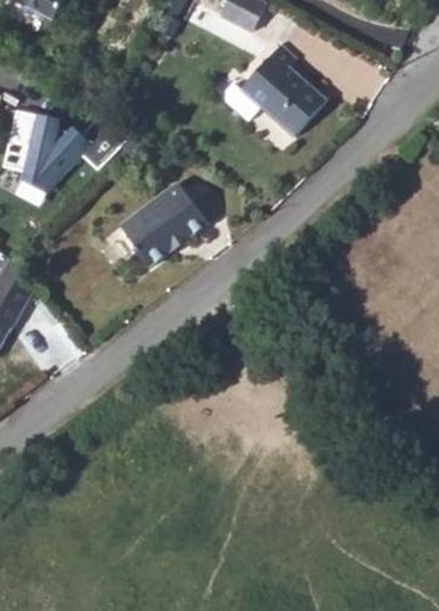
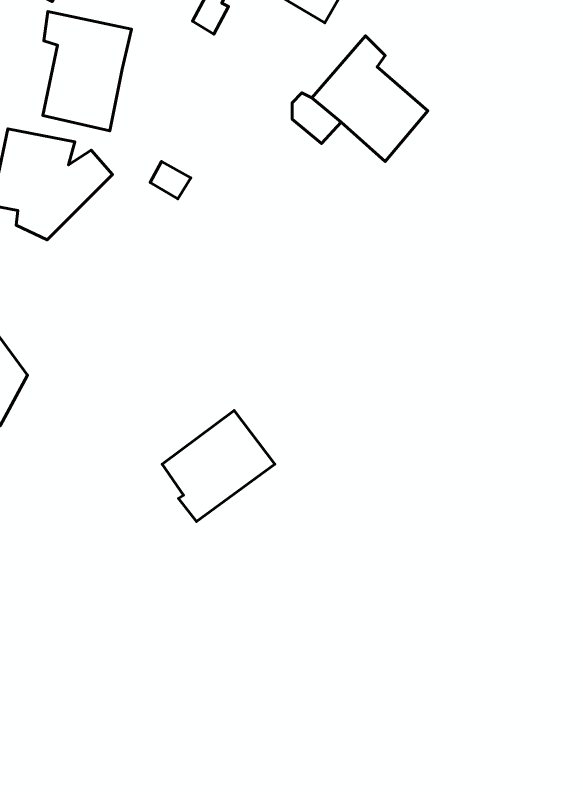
building: none -> [43,12,131,131]
building: [122,187,204,269] -> [162,410,275,521]

